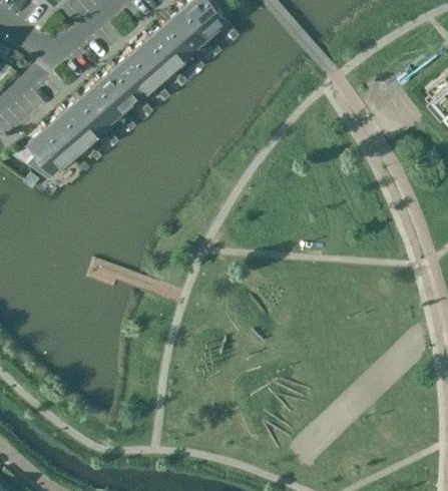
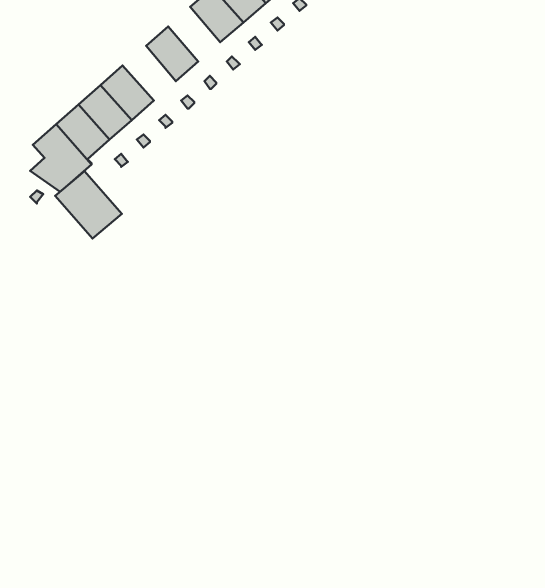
building: [134,38,174,80] -> none
building: [99,68,140,110] -> none
building: none -> [55,171,122,239]

